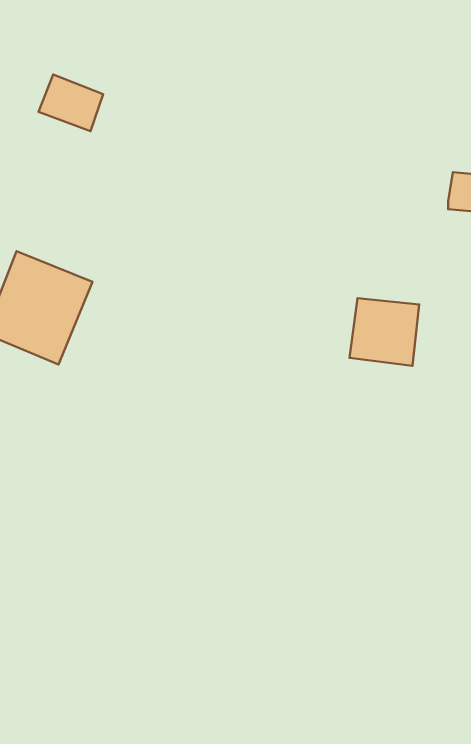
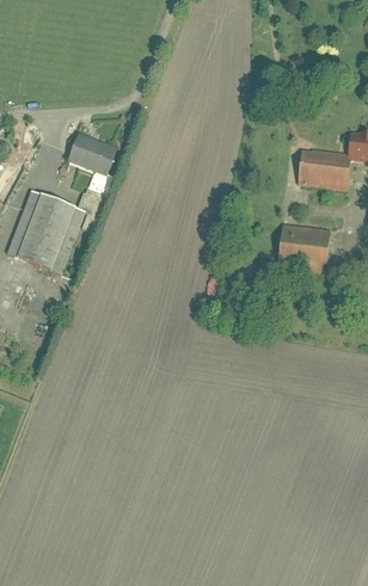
building: [39,75,103,131] -> [66,134,114,175]
building: none -> [298,147,349,186]

